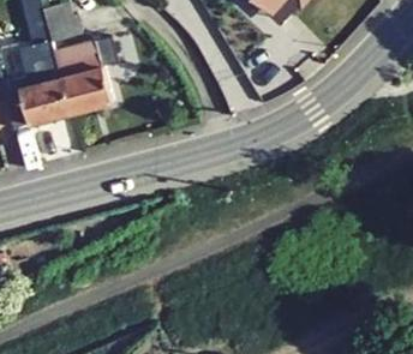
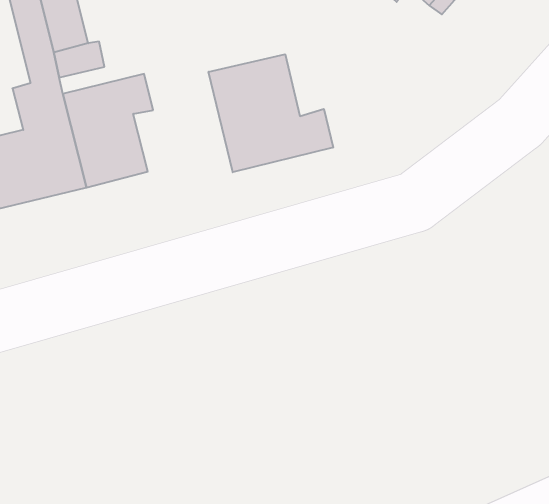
building: none -> [209,54,333,172]

